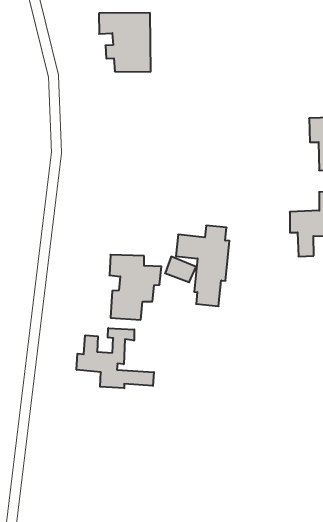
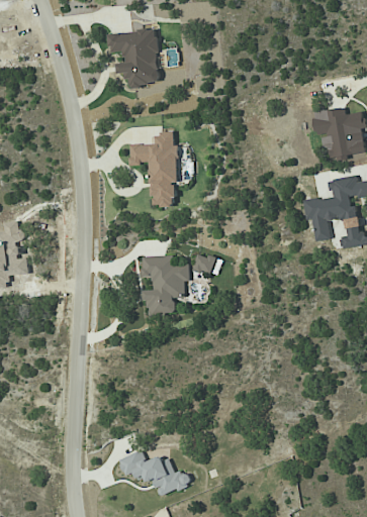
building: [176,226,230,306] -> [128,132,177,206]
building: [77,328,154,388] -> none
building: none -> [117,450,187,495]

